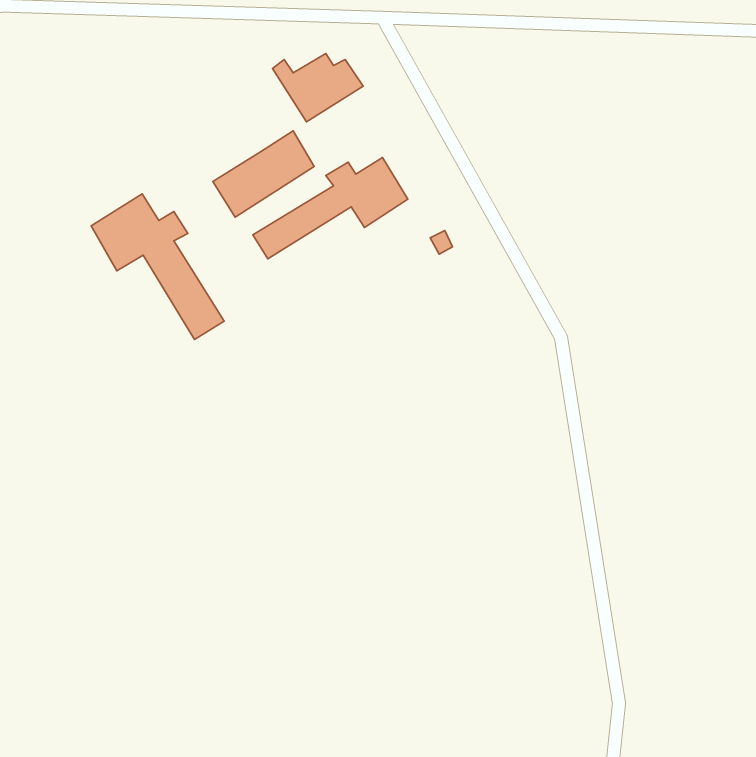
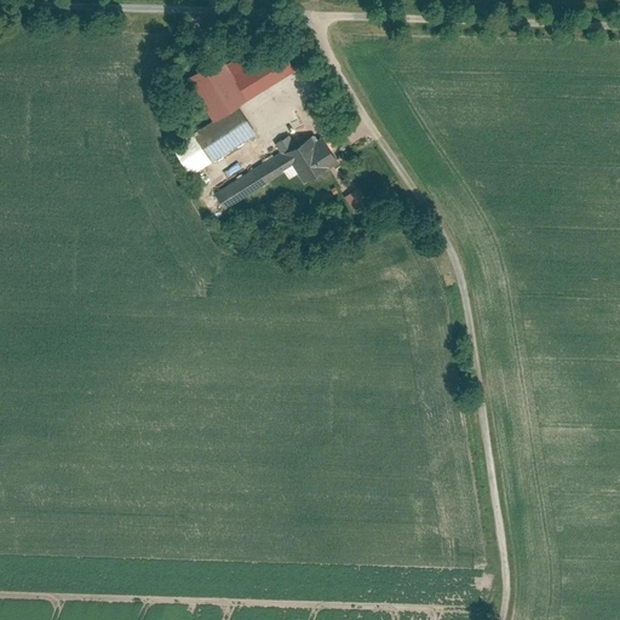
building: none -> [188,58,253,126]
building: [91,194,224,339] -> none

